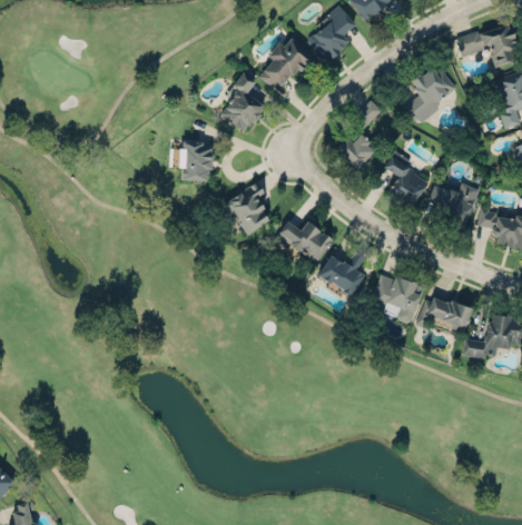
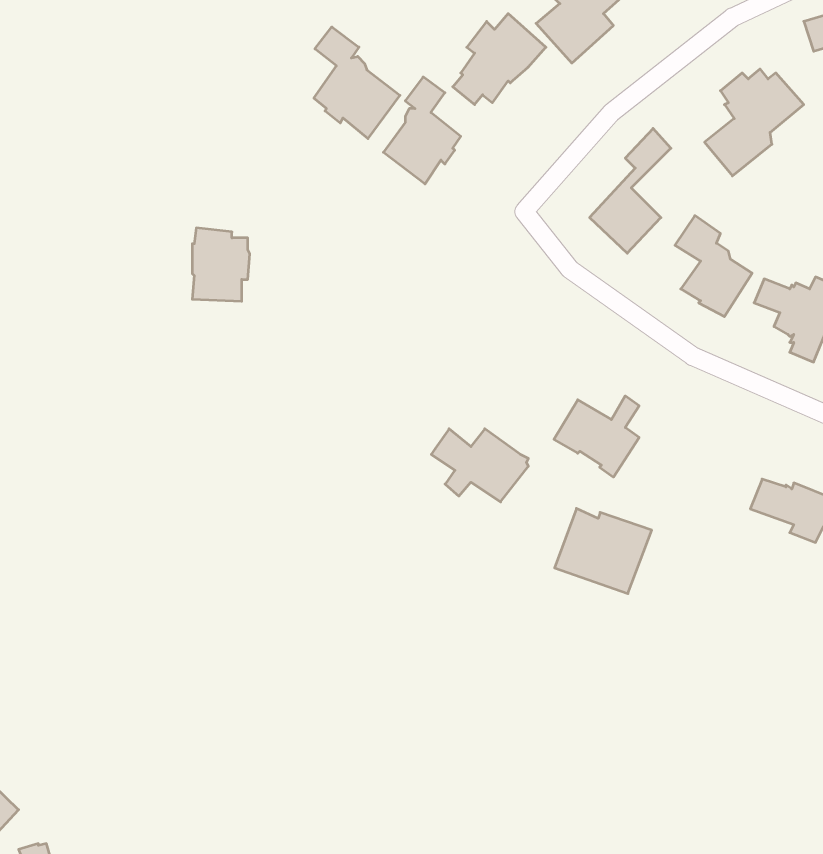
building: none -> [314,27,400,139]
building: [180,139,213,180] -> [192,228,250,301]
building: [225,182,270,236] -> none
building: [277,220,332,261] -> [431,429,528,502]
building: [370,275,424,323] -> [555,508,652,594]

